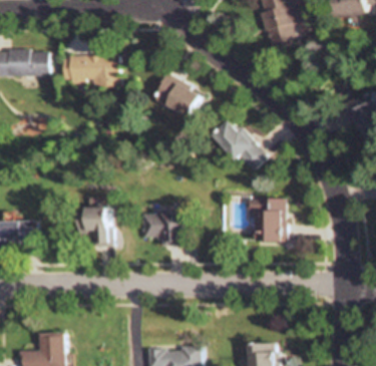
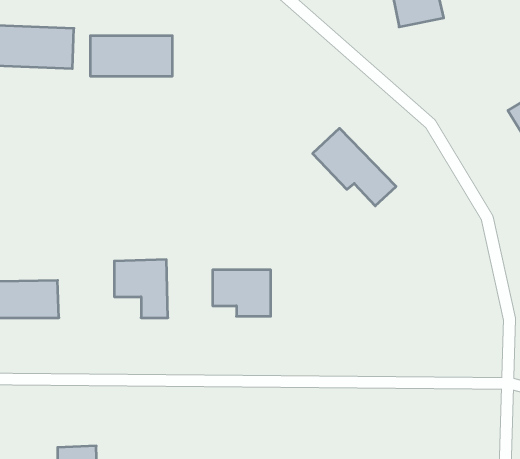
building: [152,73,200,115] -> none
building: [254,198,286,241] -> none

